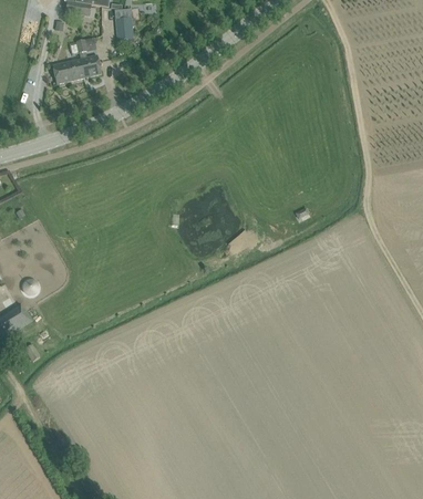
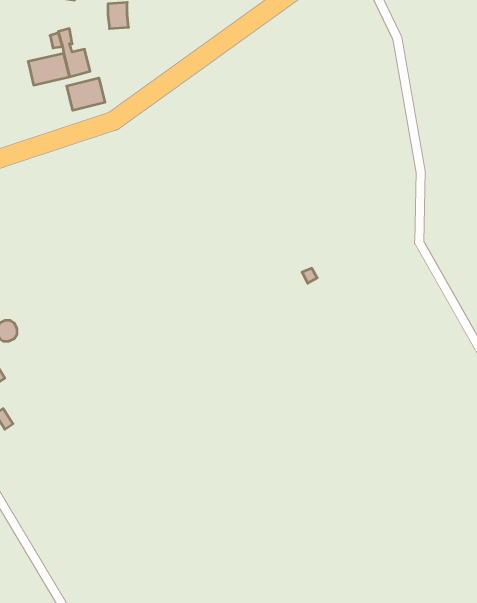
building: none -> [67,78,105,110]

